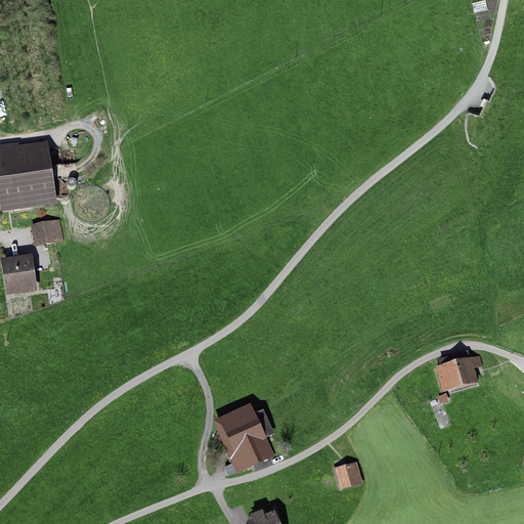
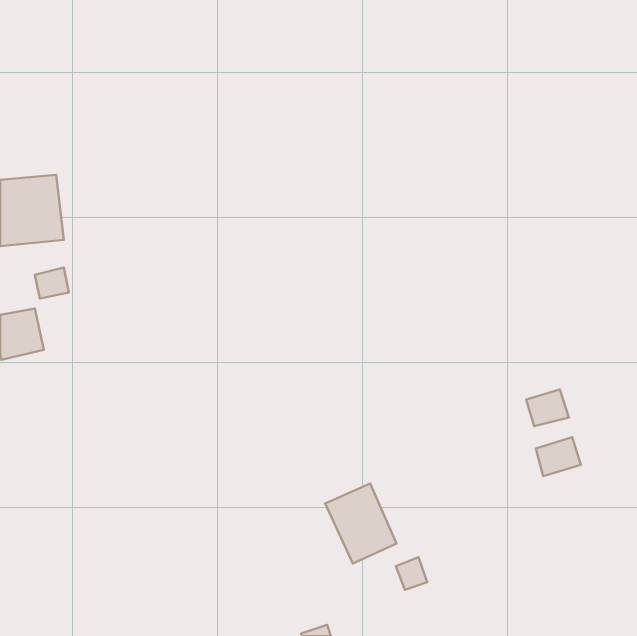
building: none -> [526,390,569,426]
building: [217,405,275,471] -> [325,484,396,564]

